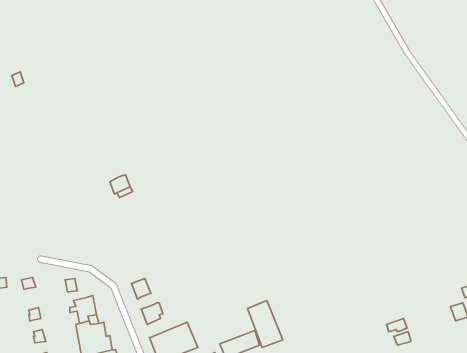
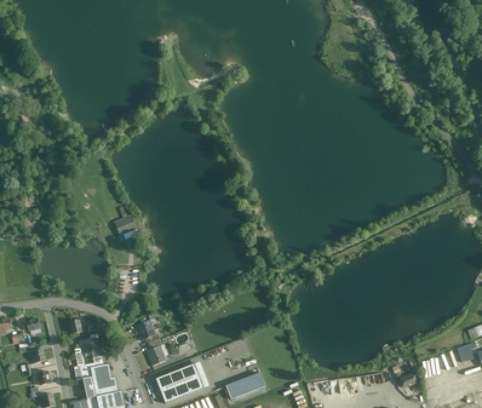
building: [247,301,283,347] -> none

